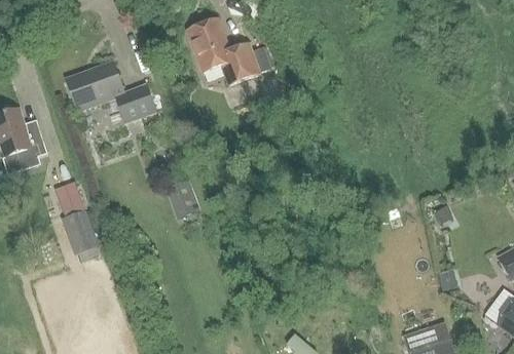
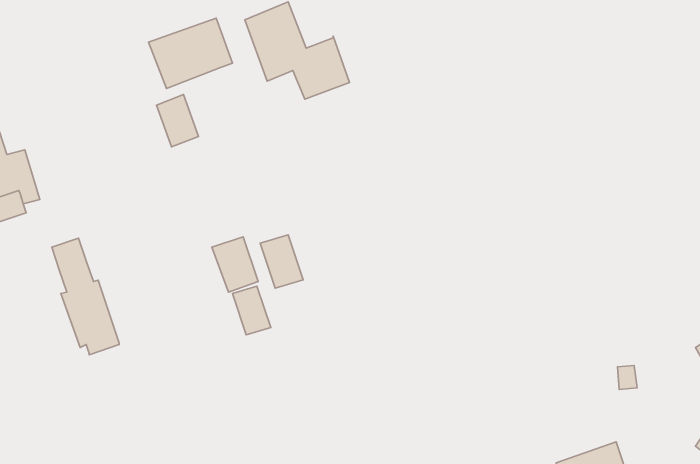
building: [66,62,123,110] -> [149,18,232,89]
building: none -> [260,235,303,288]
building: none -> [232,286,271,335]

